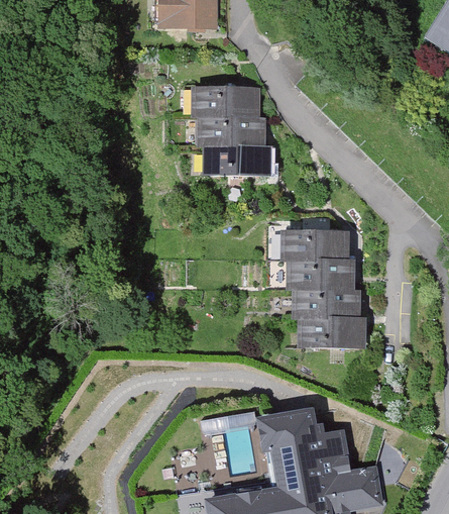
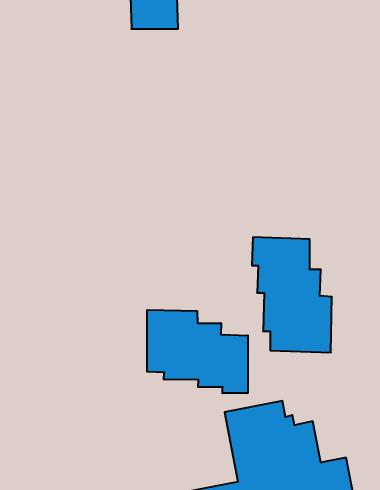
building: [197,99,263,184] -> none
building: none -> [147,310,248,393]

